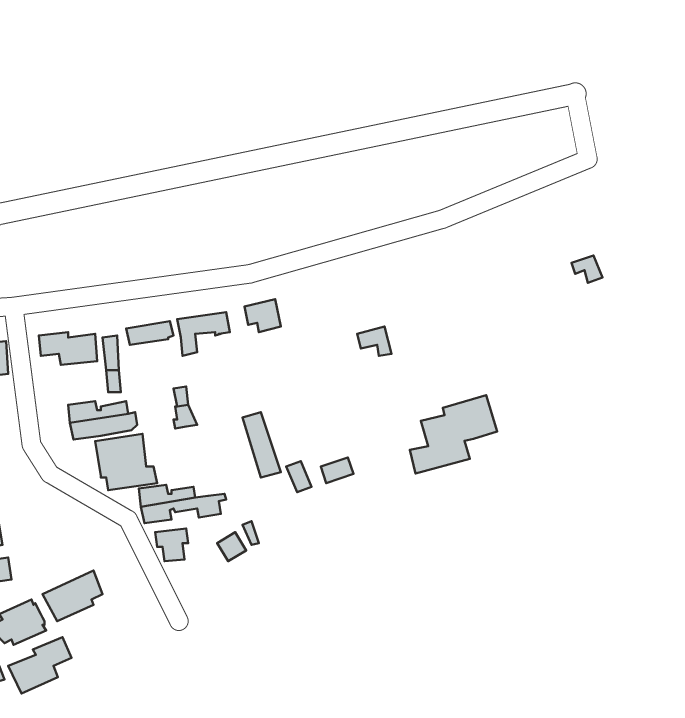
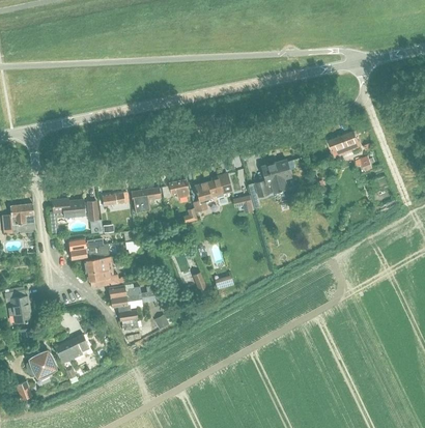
building: none -> [329,131,361,156]
building: none -> [193,176,232,211]
building: [410,395,497,473] -> [255,151,305,196]
building: [8,637,72,693] -> none

